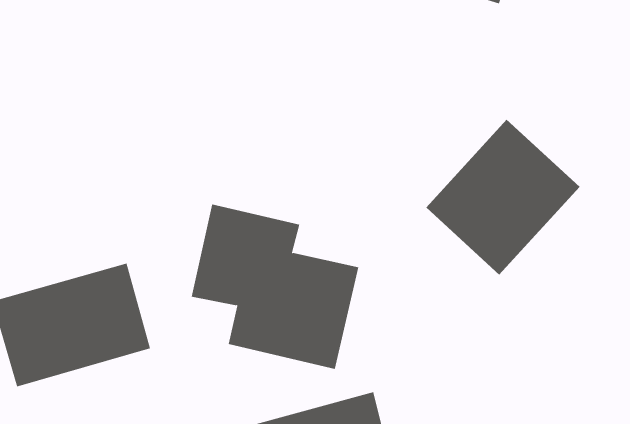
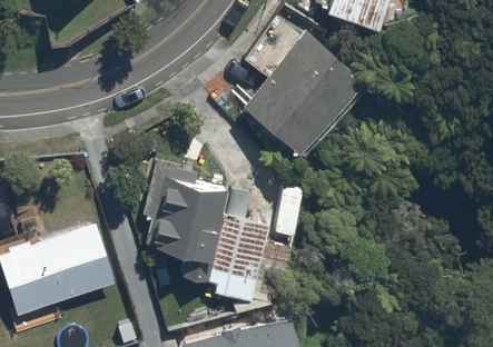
building: [425,119,581,275] -> [239,39,356,157]

